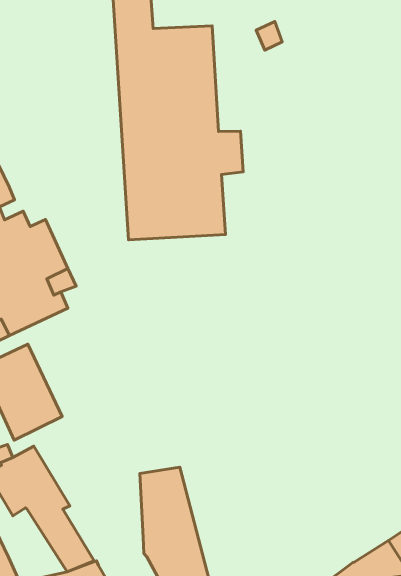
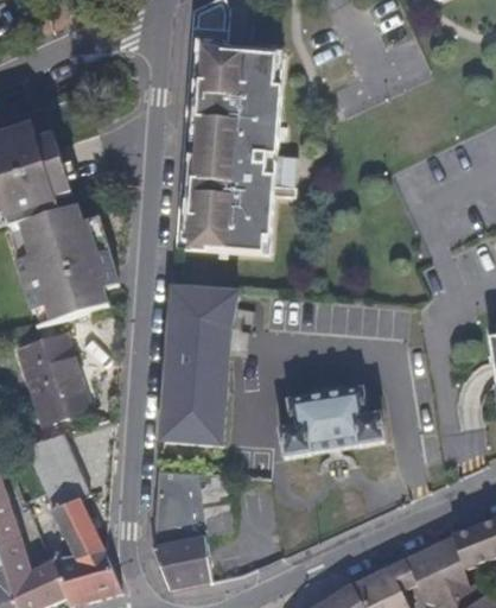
building: none -> [160,285,239,443]
building: none -> [280,382,384,456]

